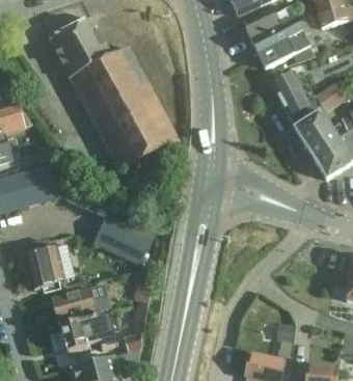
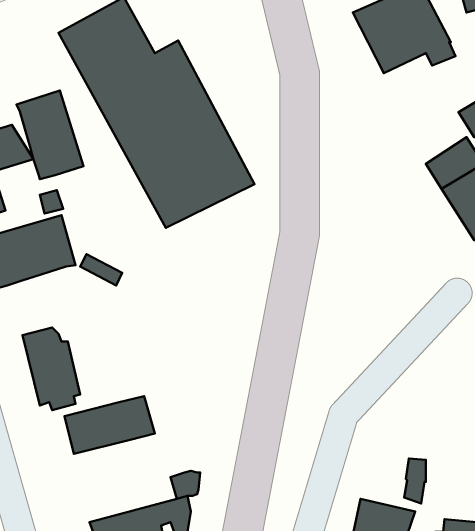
building: [271,72,320,128] -> none
building: none -> [17,91,84,179]
building: [93,211,154,264] -> none
building: [58,312,117,353] -> none

